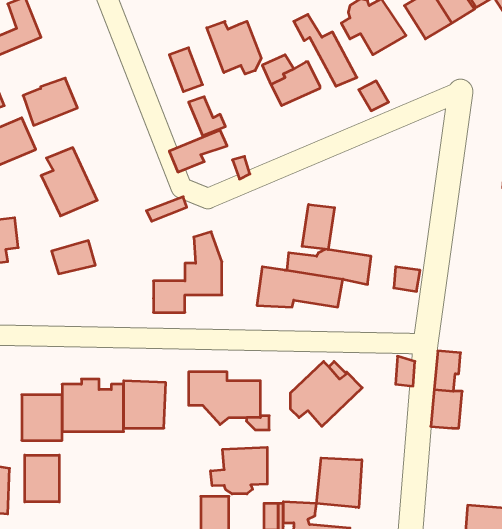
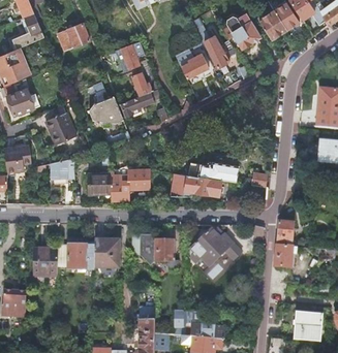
building: [207,21,261,74] -> none
building: [23,78,77,125] -> [58,23,90,51]
building: none -> [88,96,121,125]
building: [302,204,335,250] -> none
building: none -> [89,171,111,193]
building: [211,447,267,494] -> none
building: [25,455,59,502] -> none
building: [317,458,362,508] -> none

